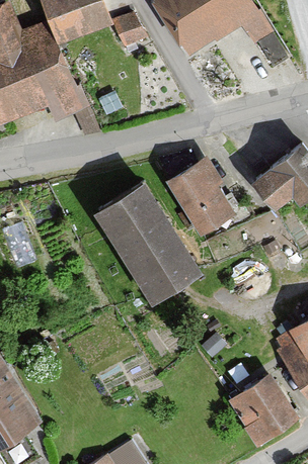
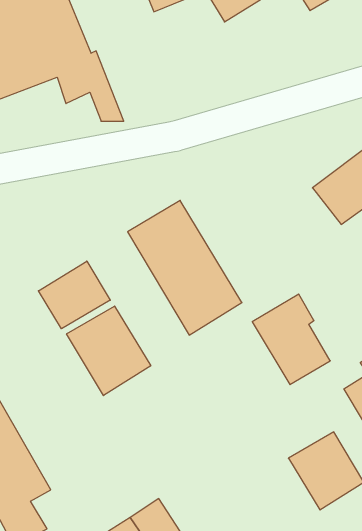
building: [171,165,234,238] -> [252,294,330,385]
building: none -> [38,261,110,329]
building: none -> [67,306,151,396]

